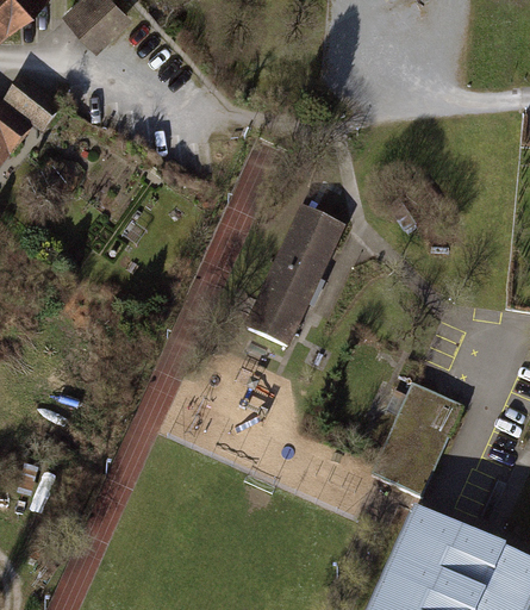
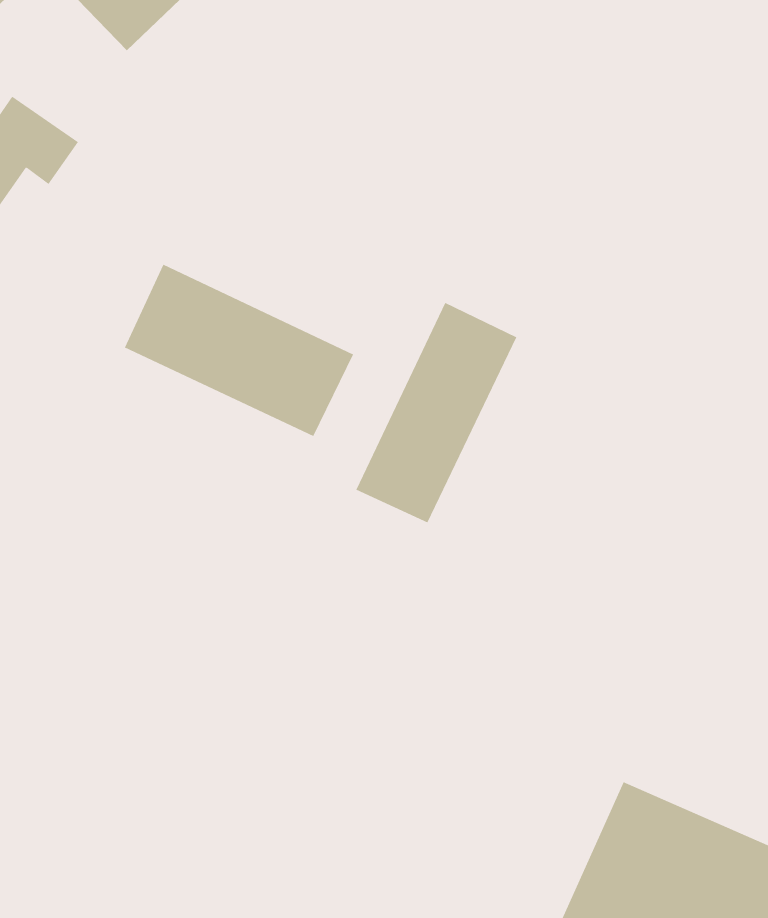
building: none -> [124,264,354,437]
building: [372,385,462,497] -> none

